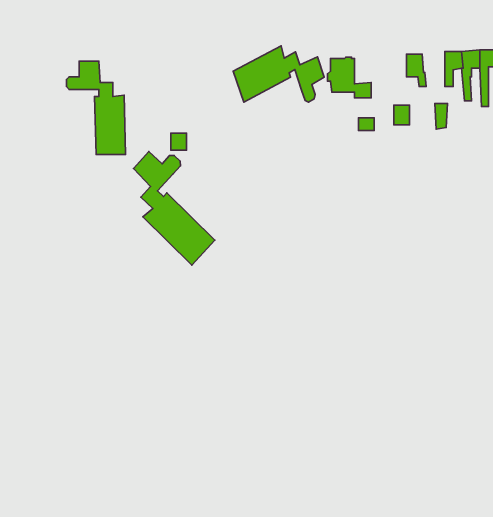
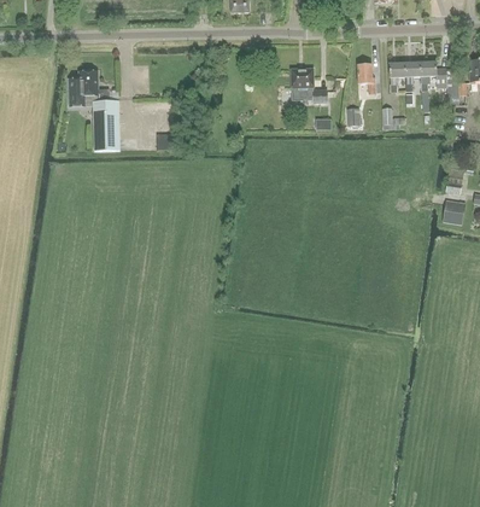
building: [233,46,324,102] -> none
building: [134,152,215,265] -> none

